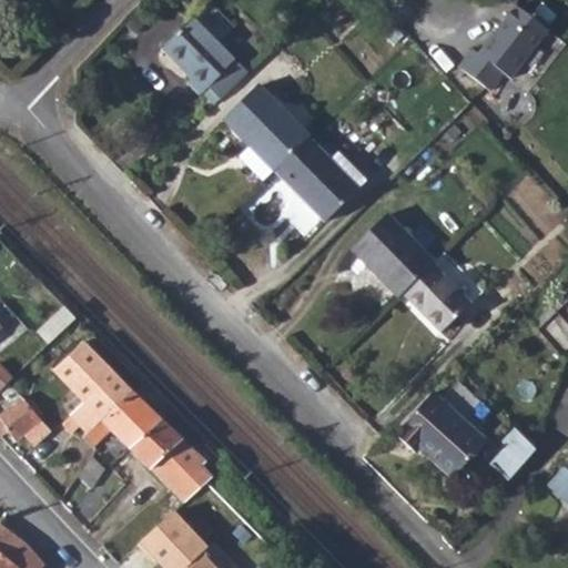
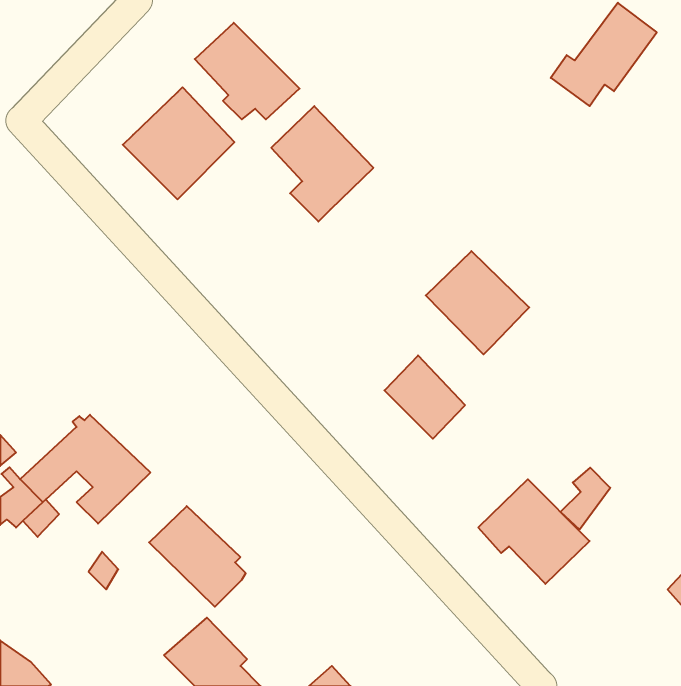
building: none -> [123,87,234,199]
building: [277,139,371,225] -> none
building: [410,257,477,326] -> [384,355,465,439]
building: [81,390,159,448] -> none
building: [495,438,536,489] -> [561,468,610,529]

